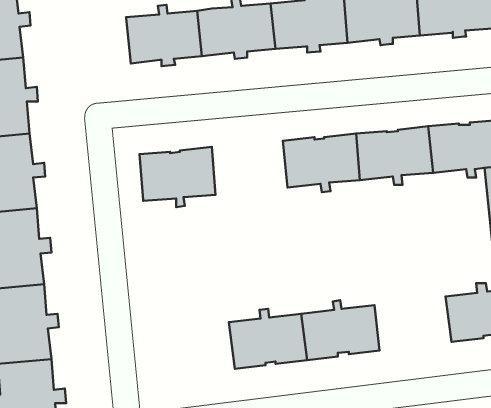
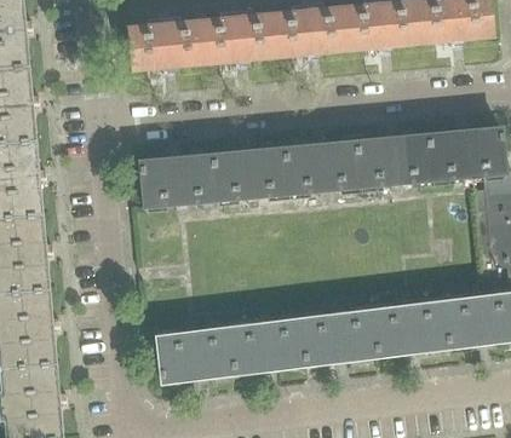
building: none -> [213,146,288,204]
building: none -> [374,295,450,353]
building: none -> [159,321,236,380]

